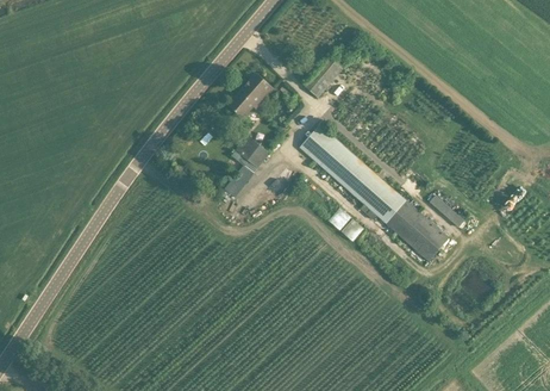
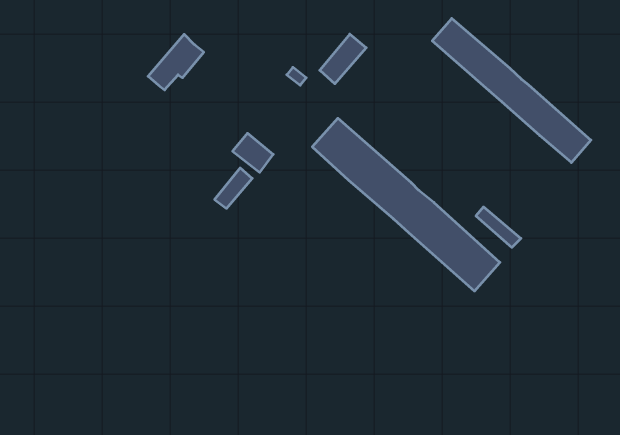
building: none -> [432,18,591,163]
building: [227,72,271,116] -> [148,34,204,90]

